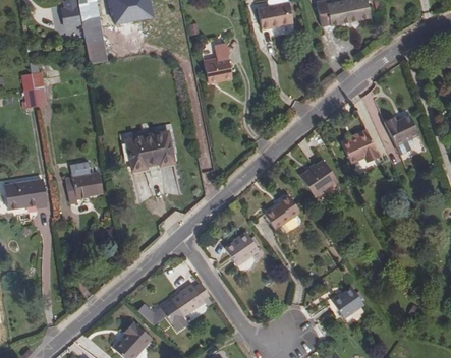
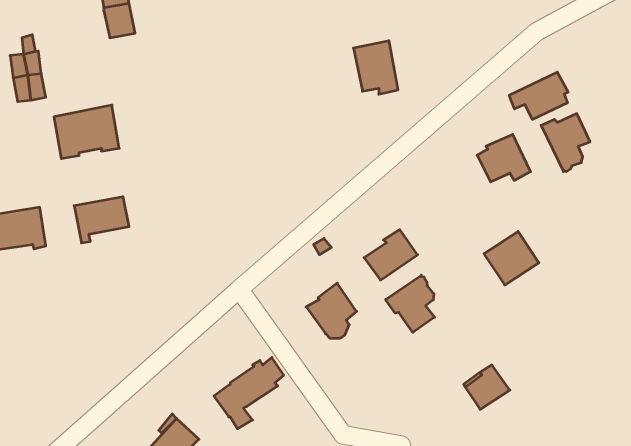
building: [202,44,232,80] -> [353,41,398,94]
building: none -> [509,72,568,119]
building: [127,132,172,169] -> [54,105,119,159]
building: [299,160,337,196] -> [484,231,539,285]
building: none -> [386,275,435,332]

